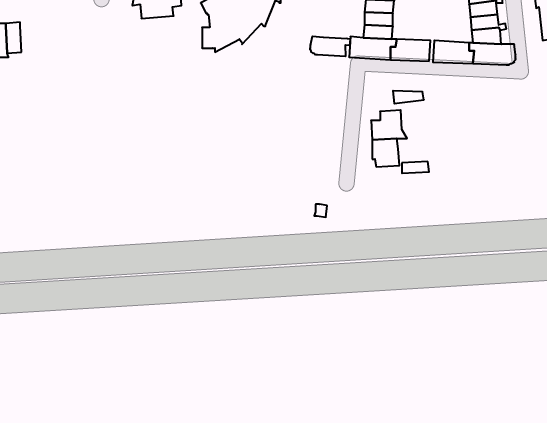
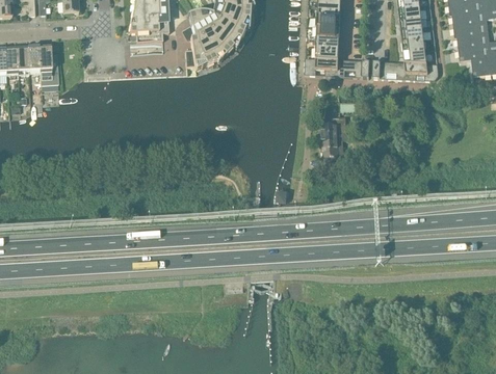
building: none -> [38,44,57,83]
building: [310,36,350,56] -> none

